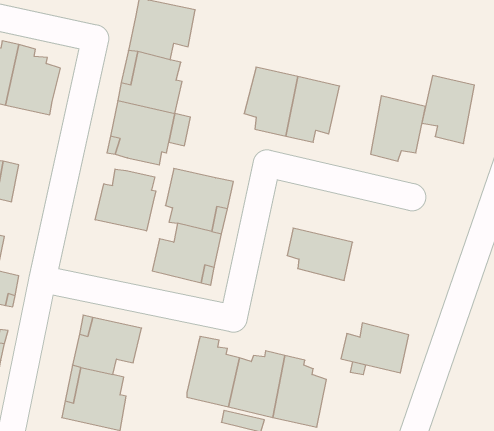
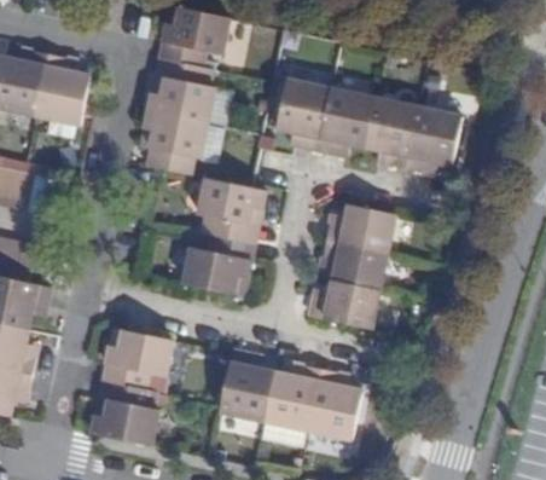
building: [422,76,474,144] -> [362,96,416,164]
building: [95,169,156,231] -> none
building: none -> [326,206,395,254]
building: [341,323,409,373] -> [309,281,378,331]

